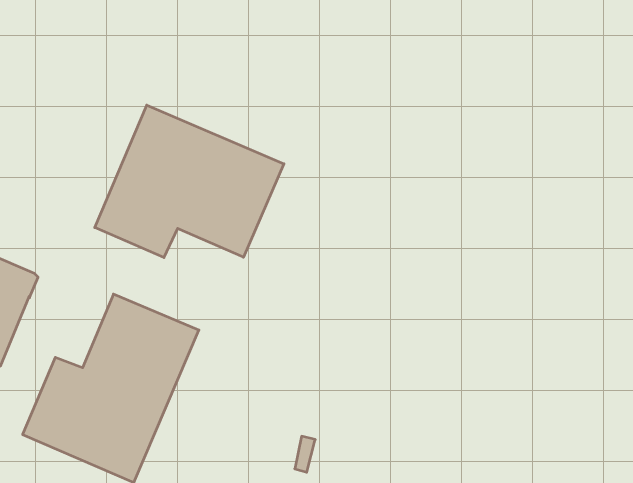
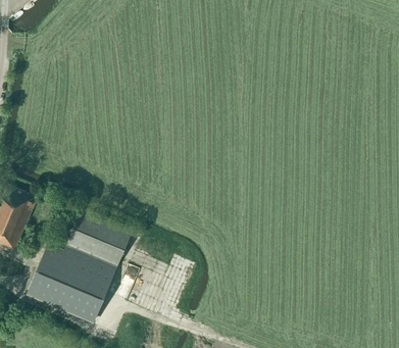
building: [95,105,284,258] -> none

